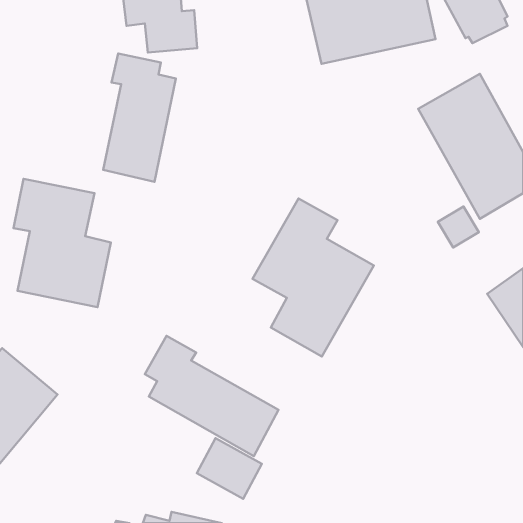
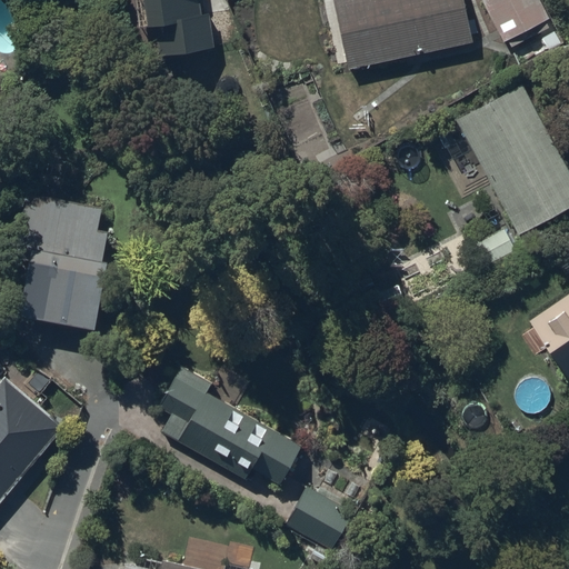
building: [103,54,176,182] -> none
building: [253,198,374,356] -> none
building: [197,438,262,499] -> [286,486,356,551]

